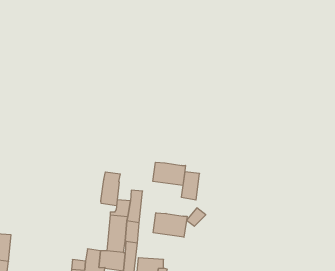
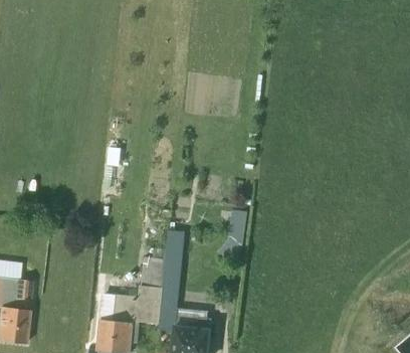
building: [153,162,185,185] -> none
building: [101,172,120,206] -> none
building: [153,213,187,237] -> none

